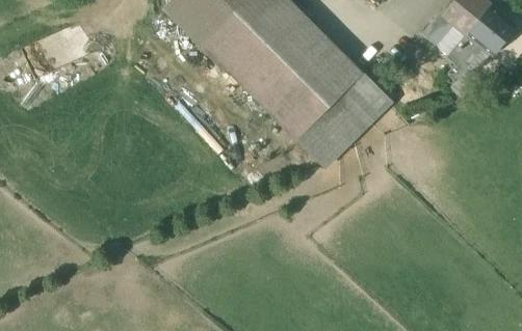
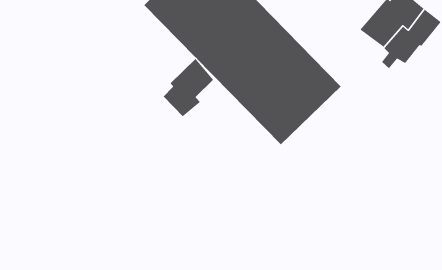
building: none -> [163,58,214,117]

